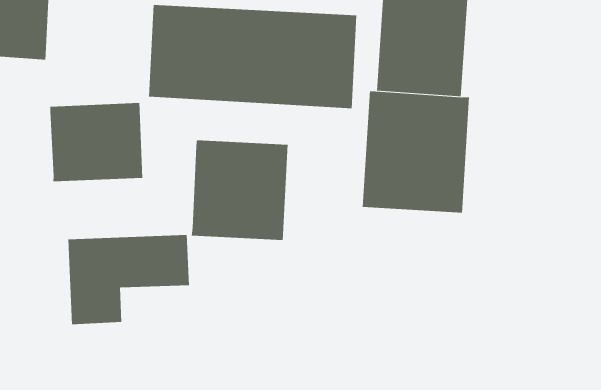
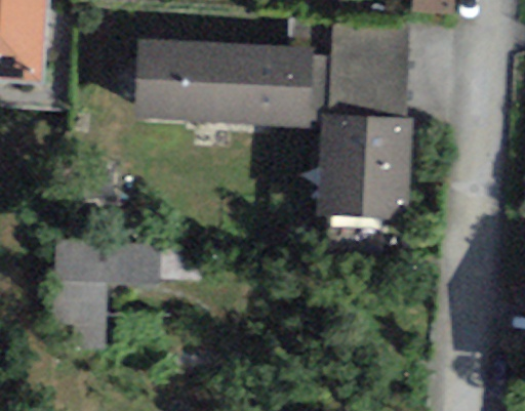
building: [50,102,143,182] -> none
building: [191,139,288,241] -> none

